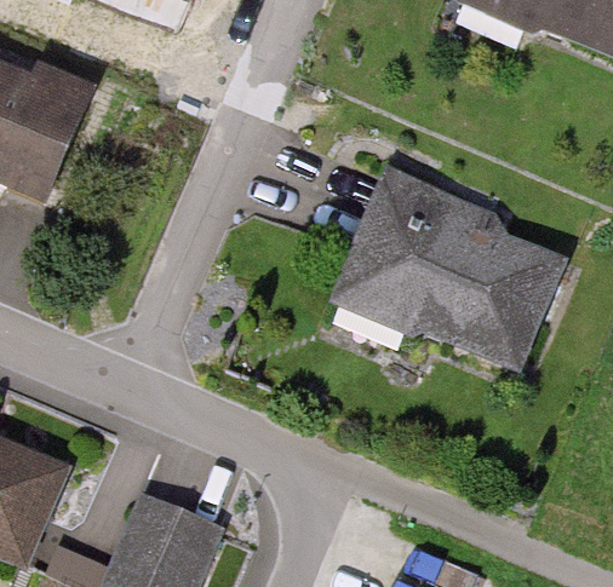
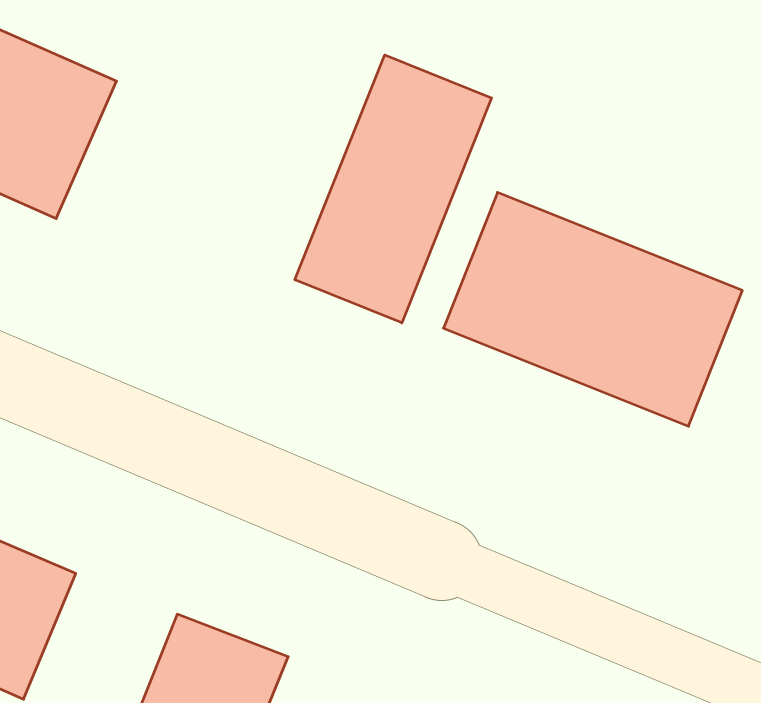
building: none -> [295,55,492,323]

